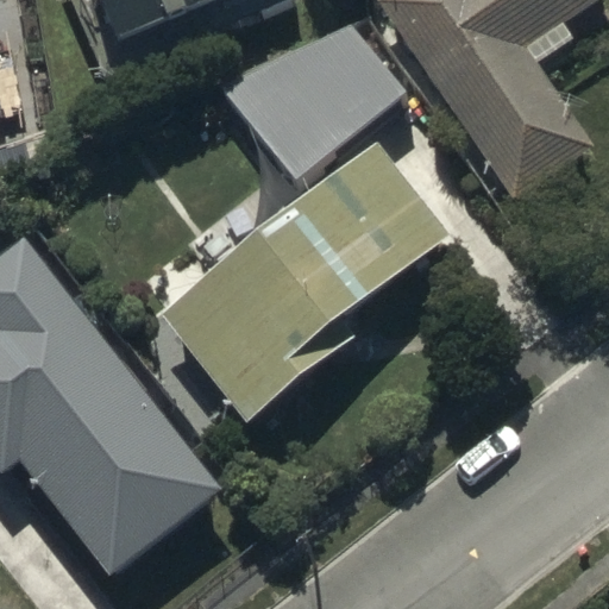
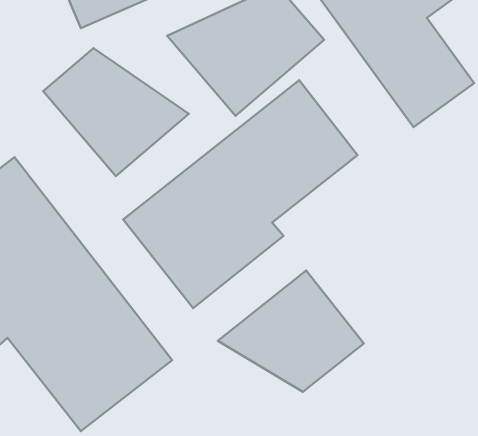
building: none -> [43,48,189,176]
building: none -> [218,271,364,392]

